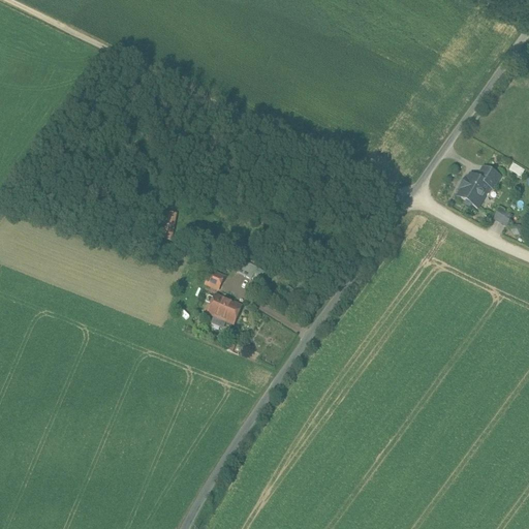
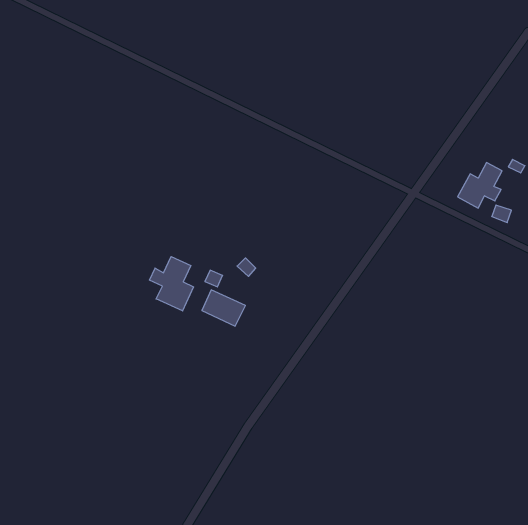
building: none -> [150,257,193,311]

